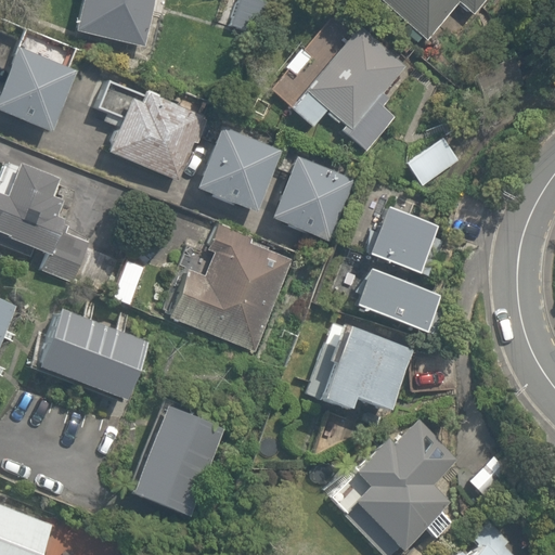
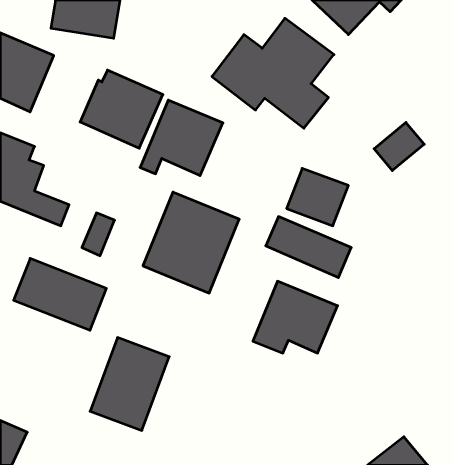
building: [405,132,465,190] -> [374,122,424,171]
building: [261,153,359,238] -> none
building: [343,436,456,546] -> none

